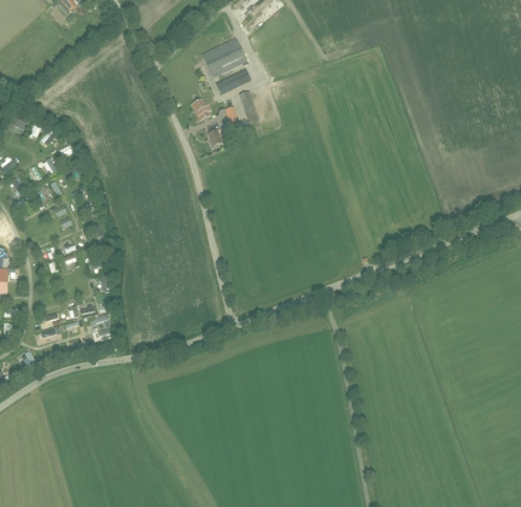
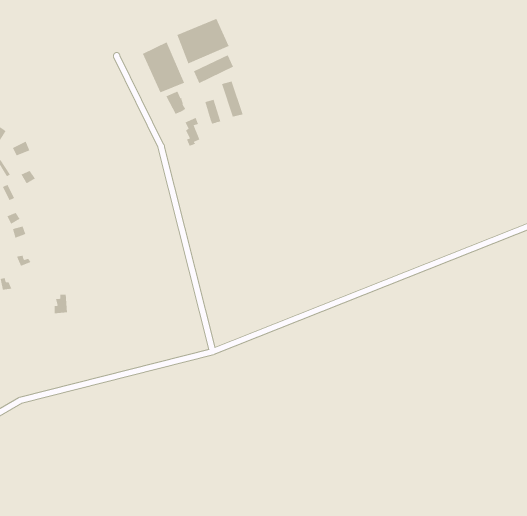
building: none -> [142,41,185,93]

